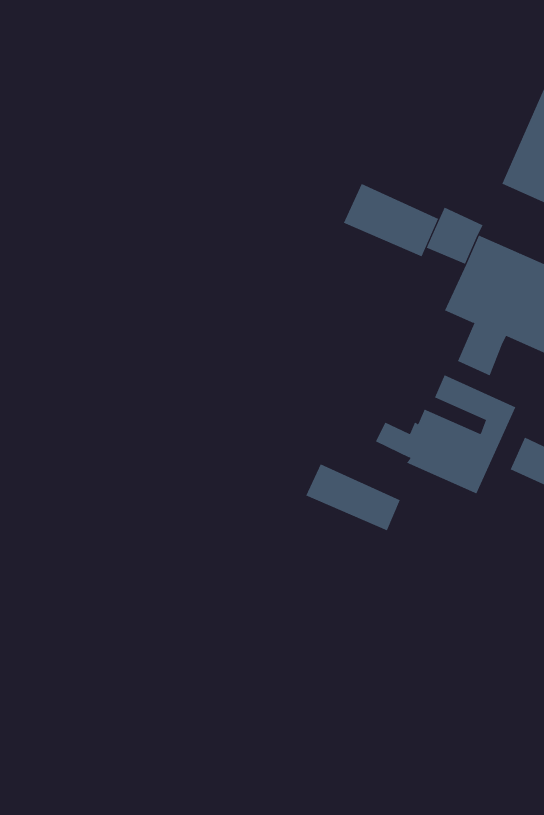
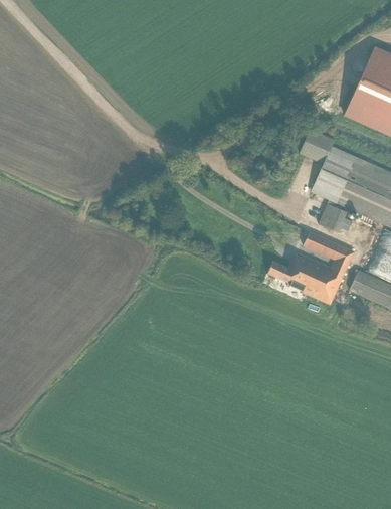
building: [343,183,439,257] -> none
building: [306,464,401,531] -> none

